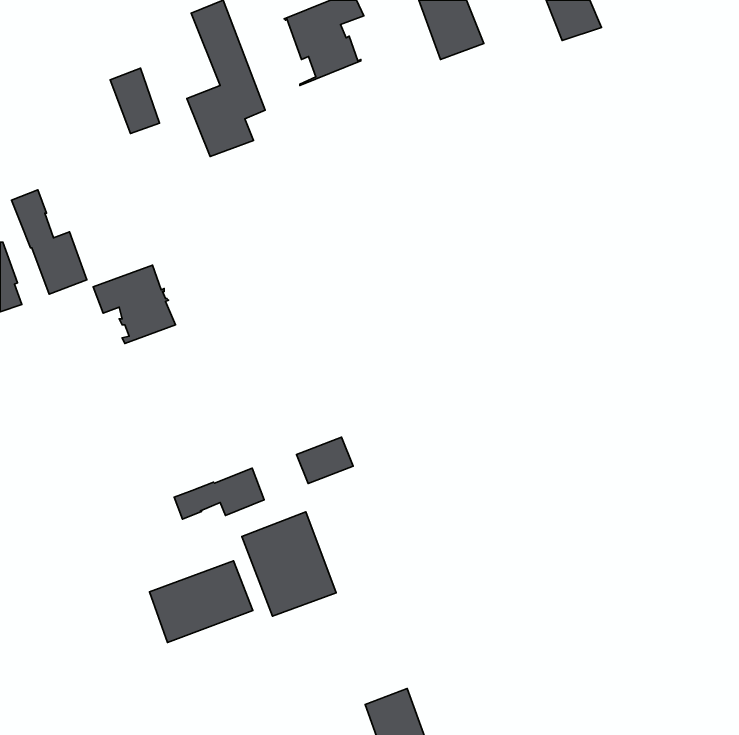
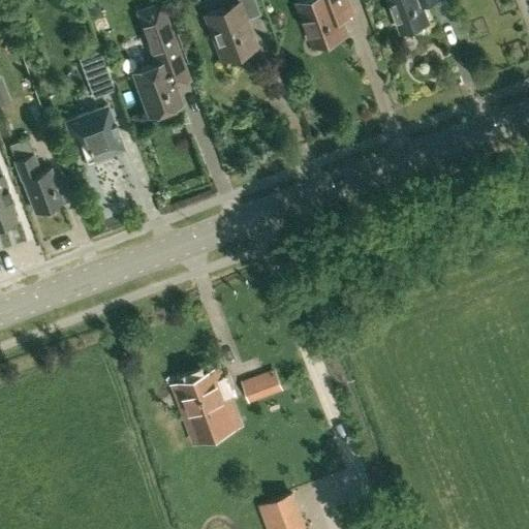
building: [93,265,176,344] -> [66,107,125,163]
building: [297,437,353,484] -> [242,371,282,404]
building: [174,468,264,519] -> none
building: [149,561,253,643] -> none

